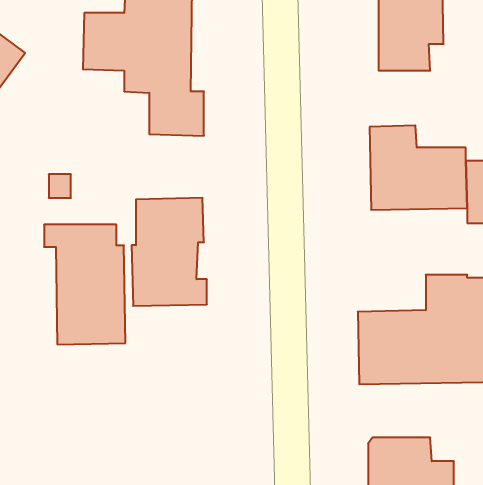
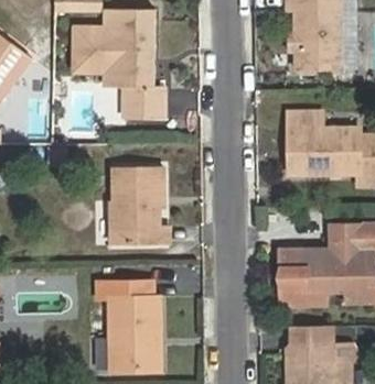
building: [44,225,125,344] -> [99,282,160,371]

